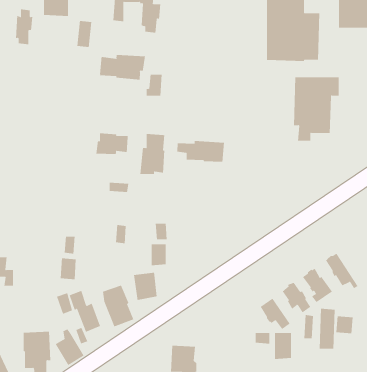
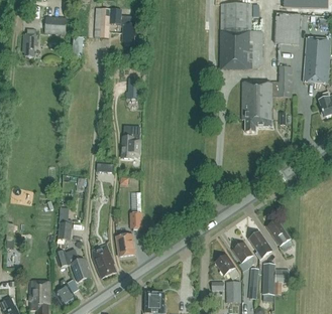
building: [99,54,145,81] -> none
building: [96,133,128,155] -> none
building: [177,140,224,163] -> none

